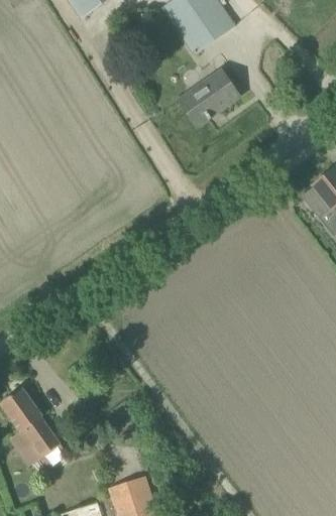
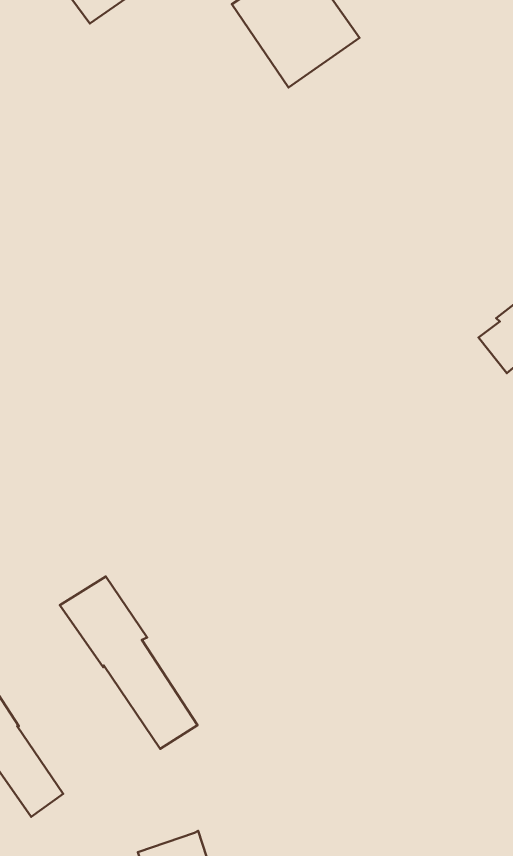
building: [179,70,239,127] -> none
building: none -> [60,576,197,749]

